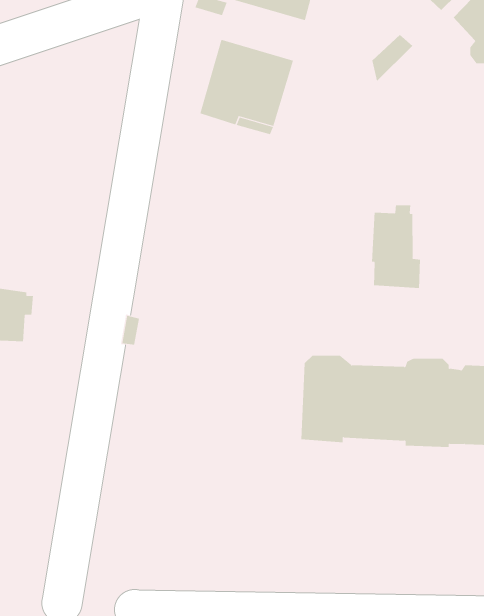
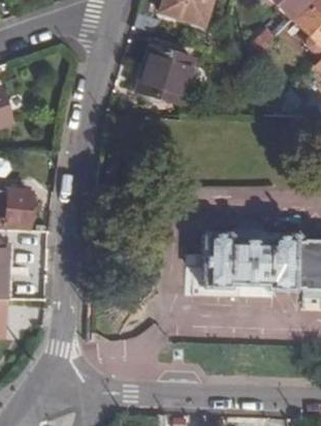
building: [372,204,421,289] -> none

